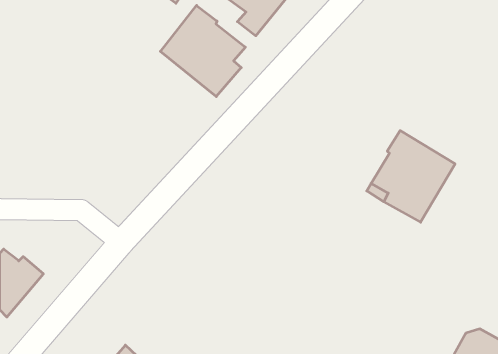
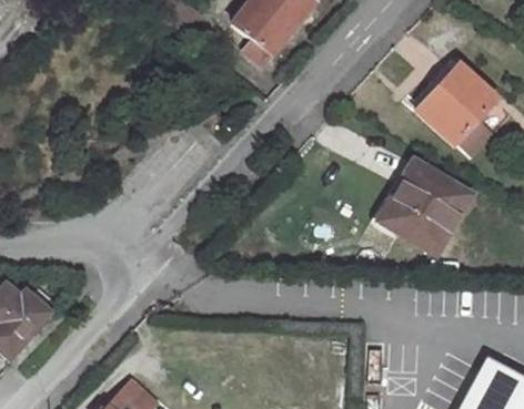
building: [160,5,245,97] -> none
building: none -> [419,67,496,145]

